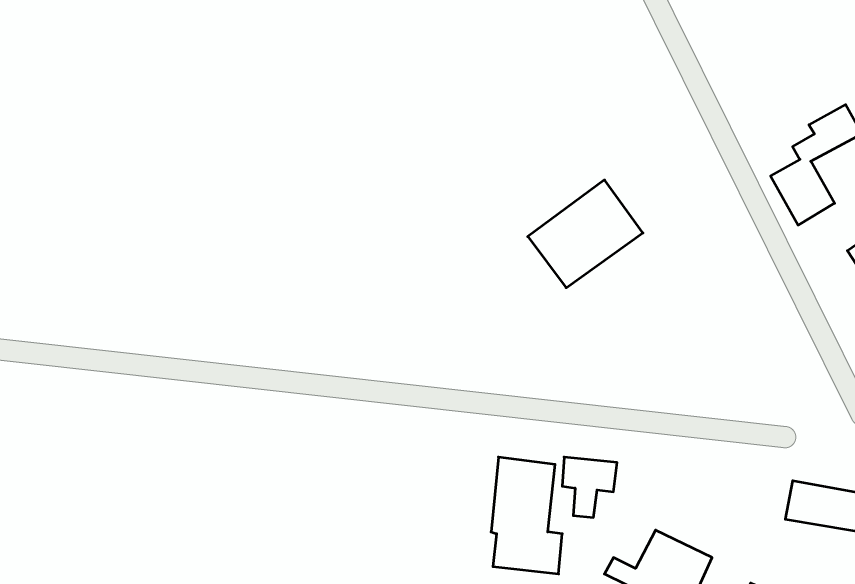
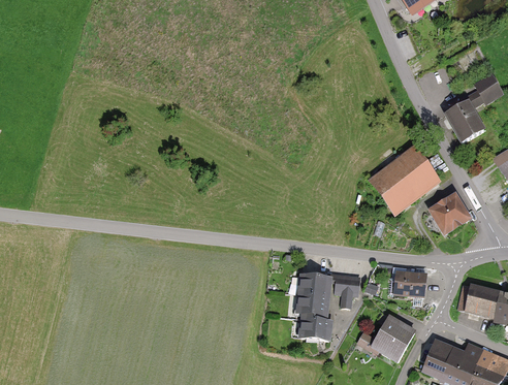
building: [528,180,643,288] -> [372,149,437,210]
building: none -> [428,193,470,232]
building: none -> [391,272,428,295]

